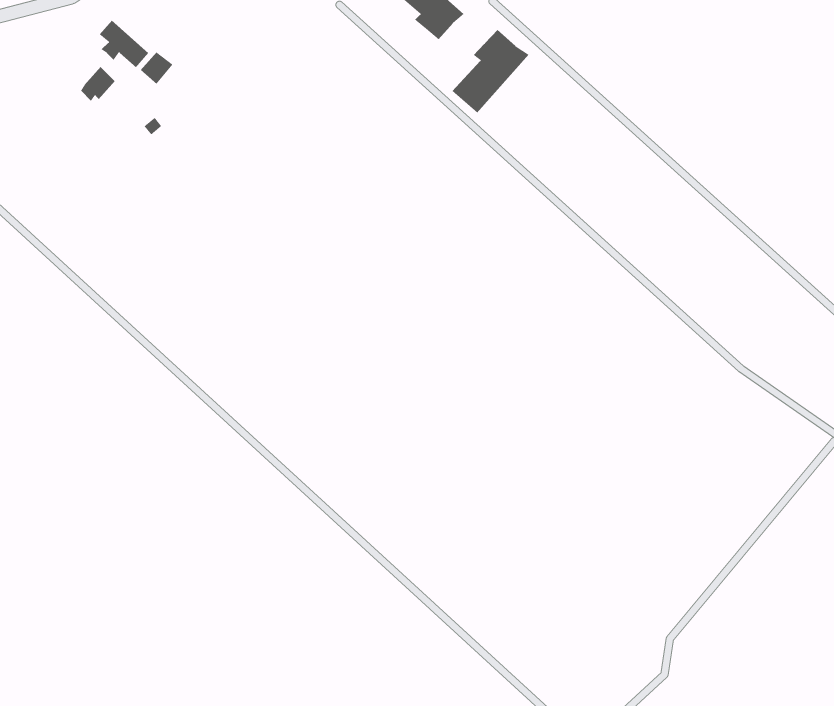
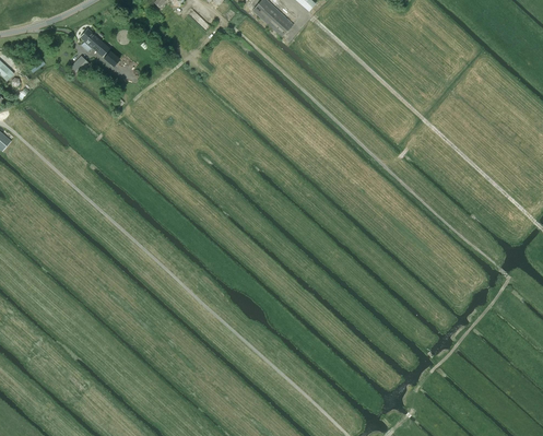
building: [452,29,530,113] -> none

